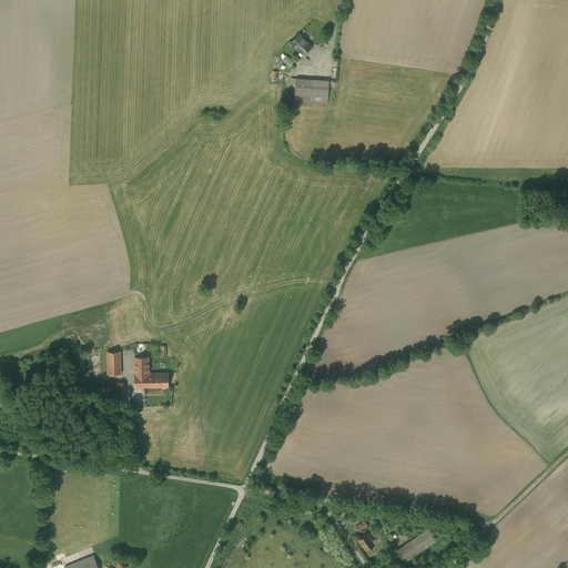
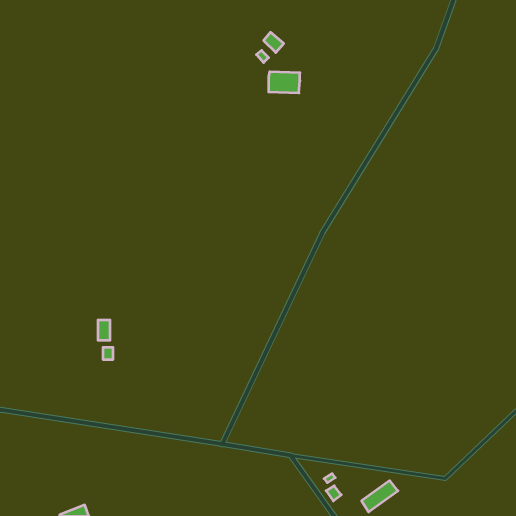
building: [134,357,169,387] -> none

